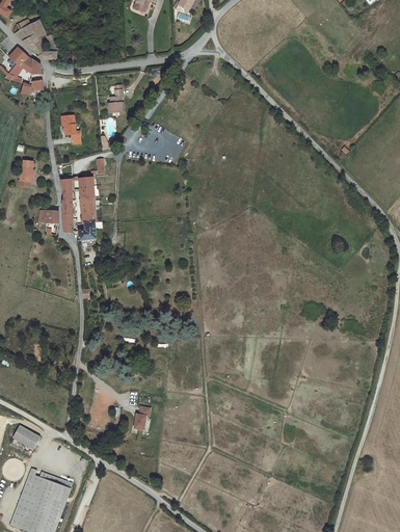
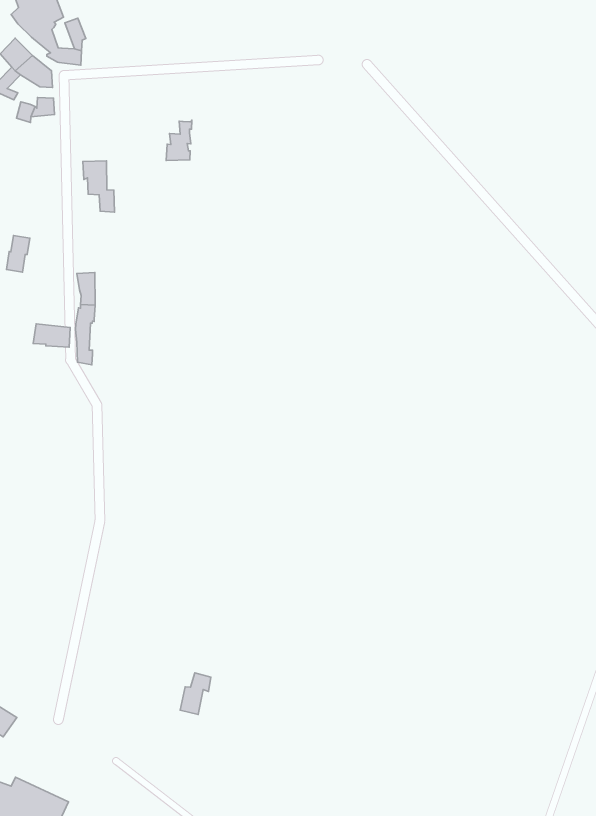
building: [78,177,96,240] -> none

